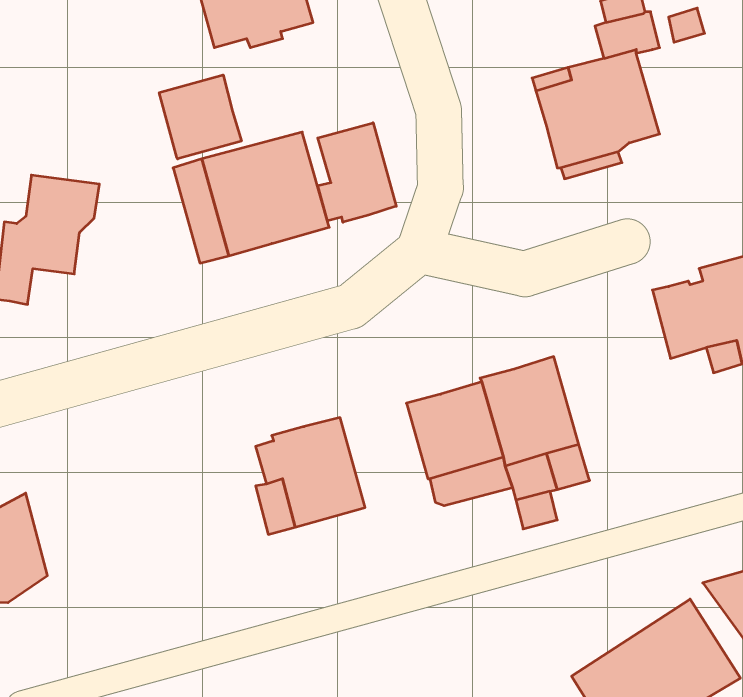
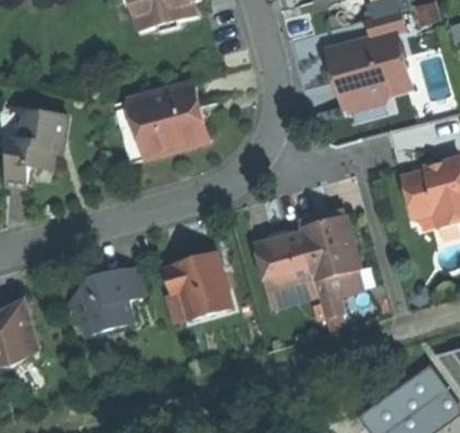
building: [159,75,241,159] -> none
building: [318,123,396,222] -> none
building: none -> [69,265,146,334]

